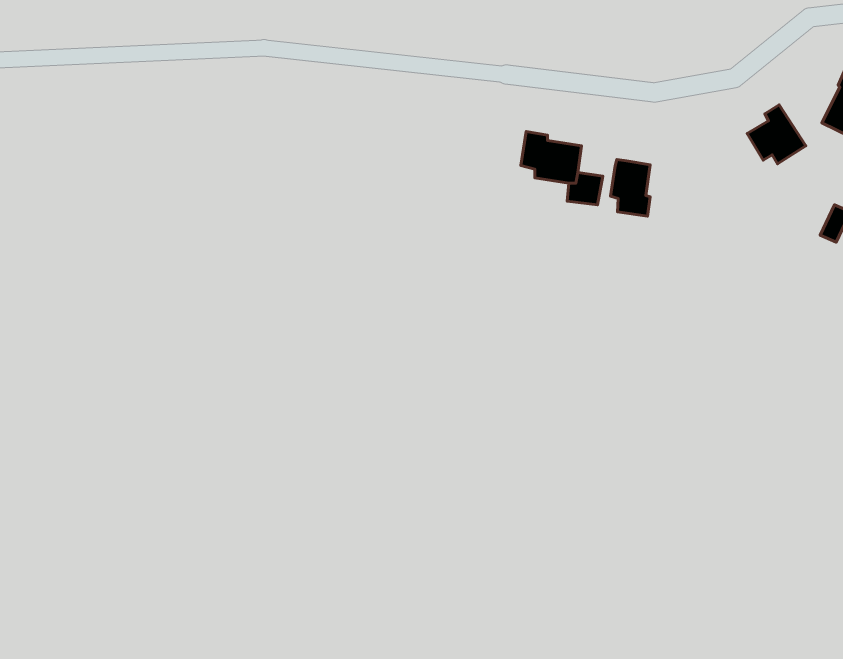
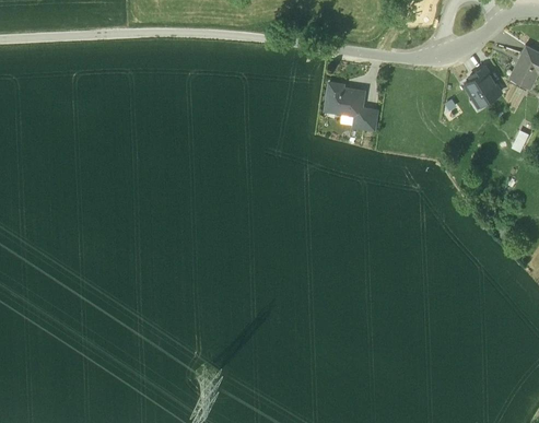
building: [611,160,650,216] -> none

